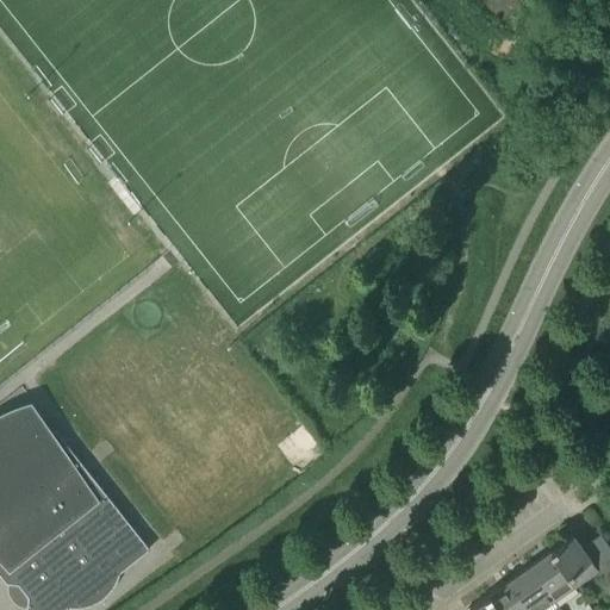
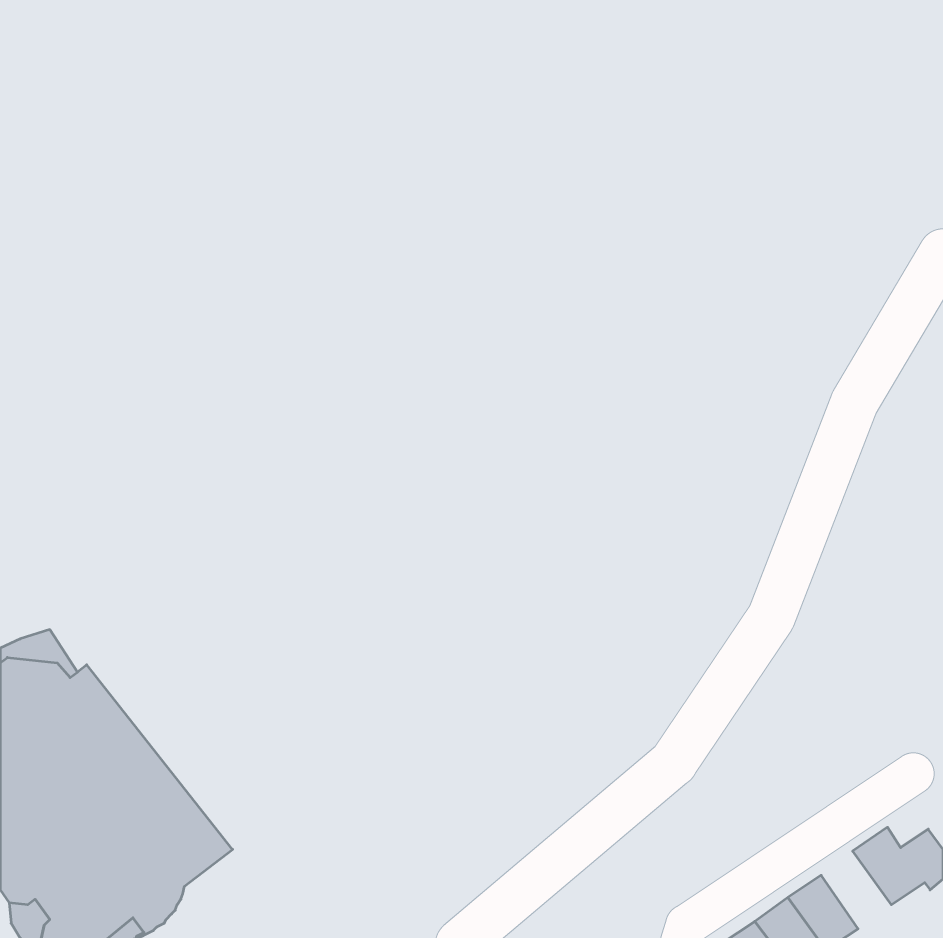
building: [530,553,575,603] -> none

